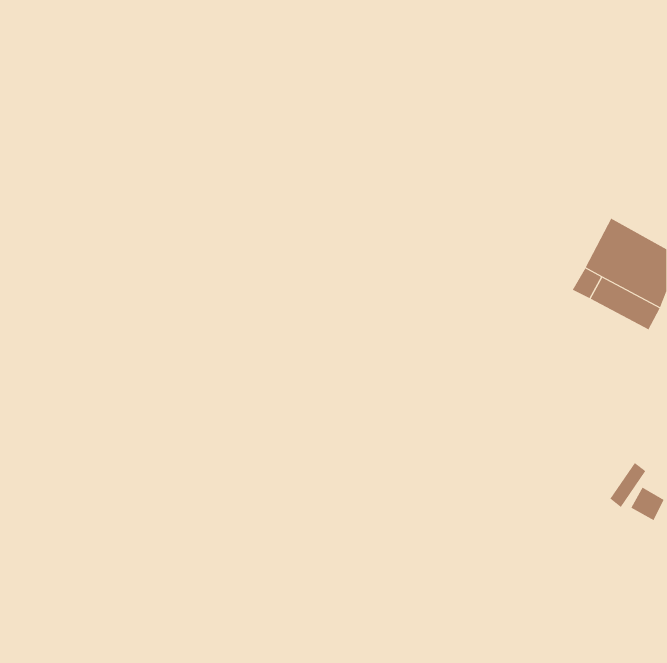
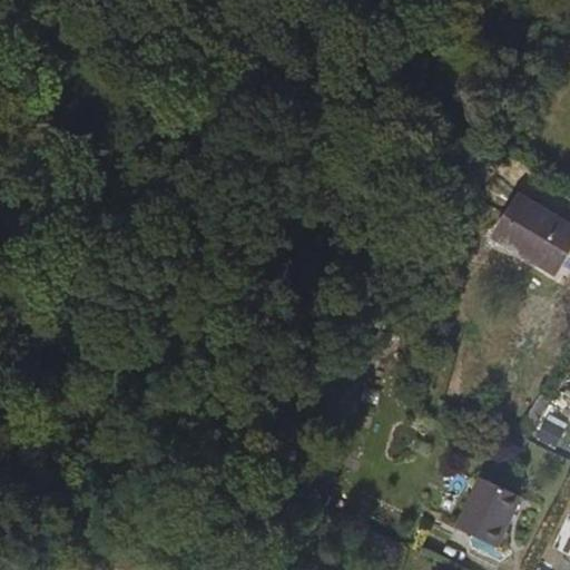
building: none -> [458,474,525,543]

